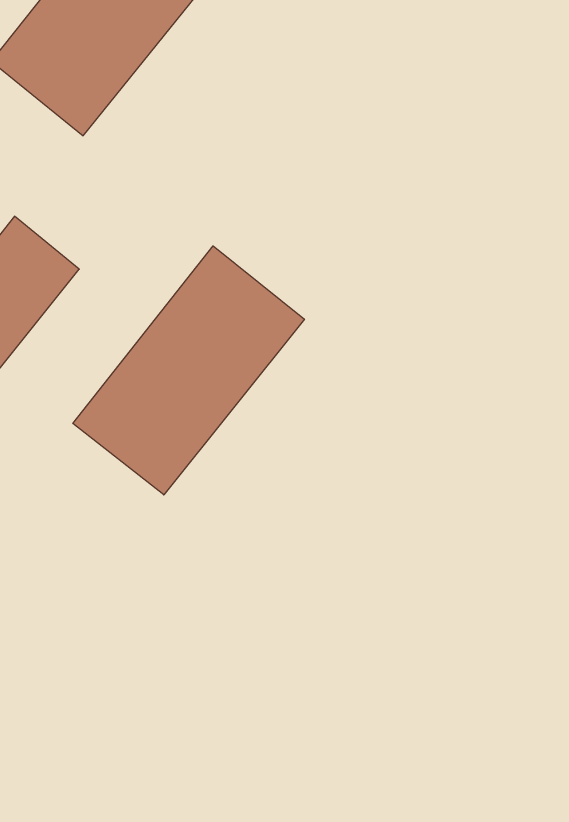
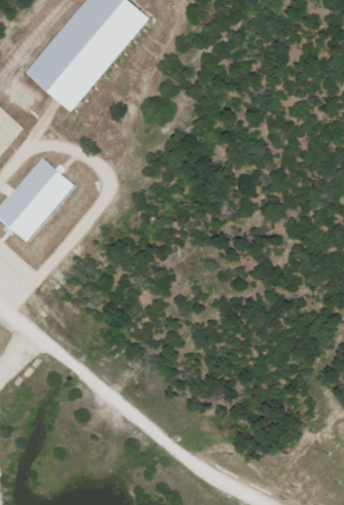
building: [73,246,304,495] -> none

